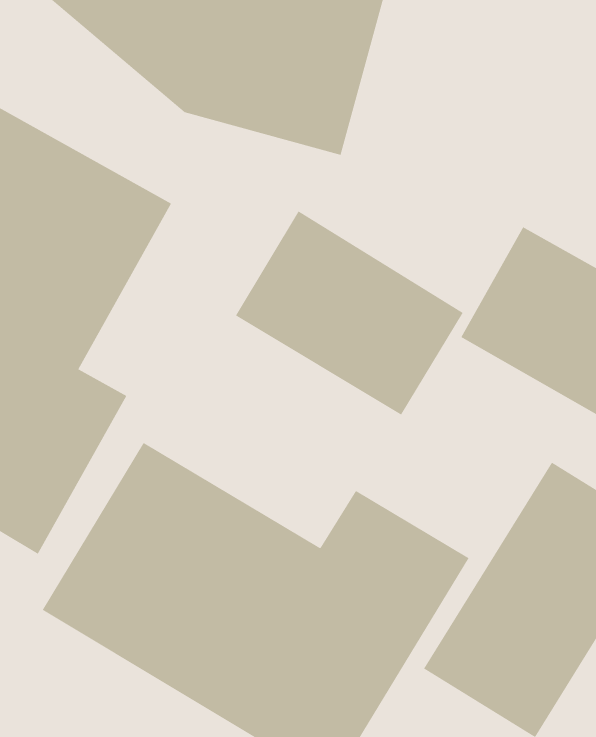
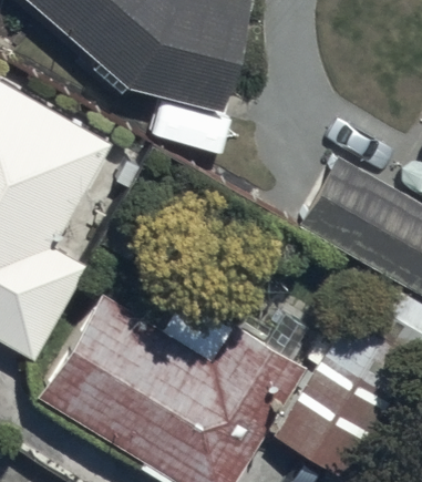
building: [235,211,464,415] -> none

